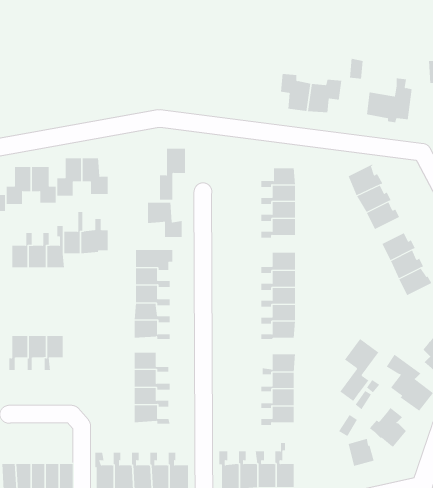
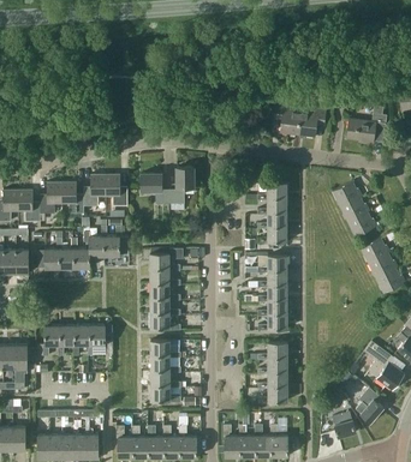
building: [147,202,182,237] -> [142,173,172,203]
building: none -> [88,325,113,355]
building: [340,338,379,402] -> none

